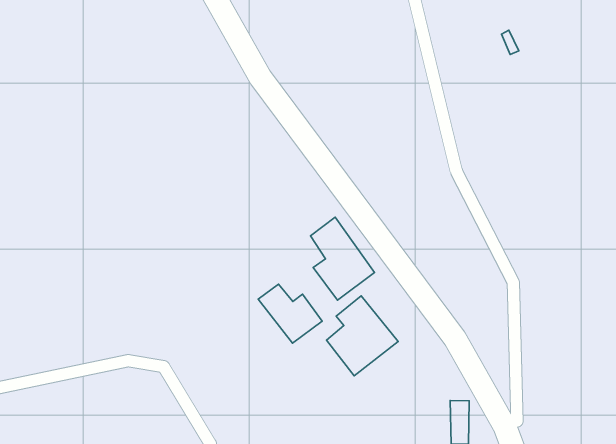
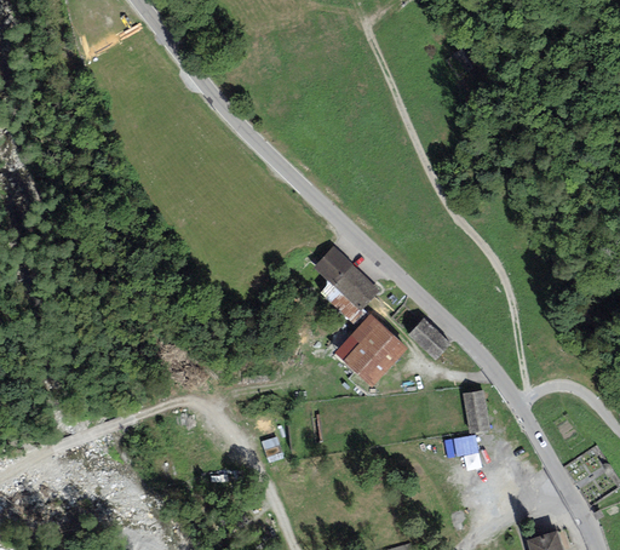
building: [258,284,322,343] -> none
building: none -> [407,319,450,361]

